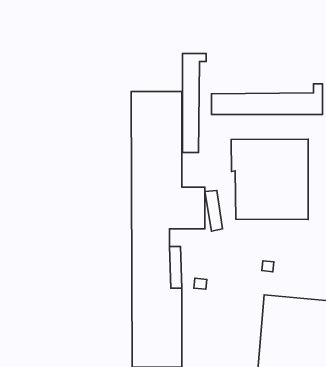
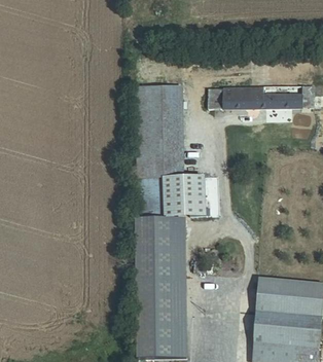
building: [183,54,206,152] -> none
building: [231,139,308,219] -> none

